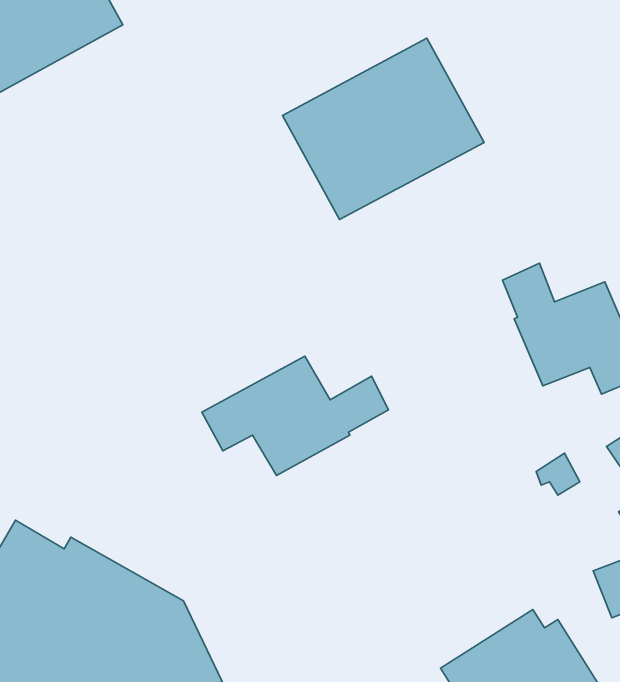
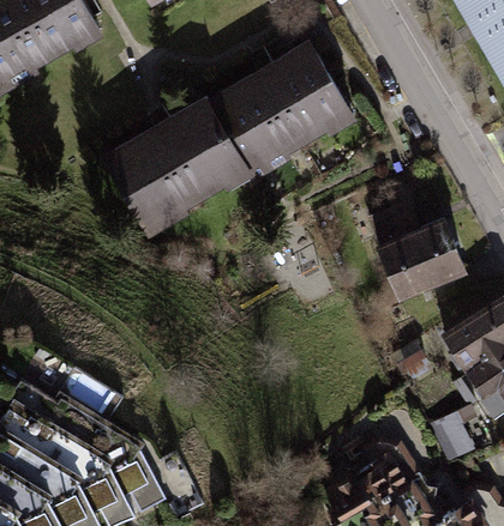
building: none -> [109,98,253,228]
building: [202,356,388,475] -> none

